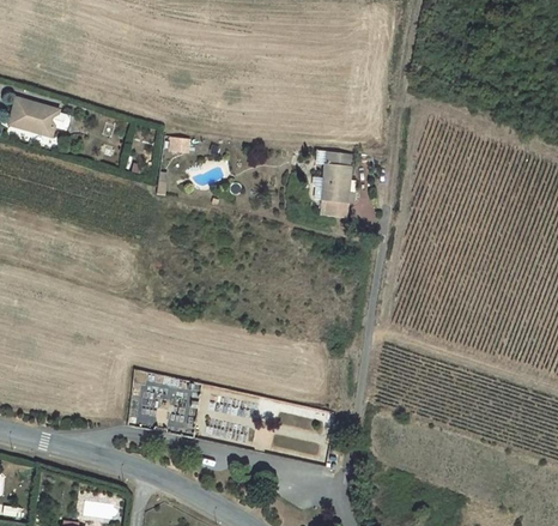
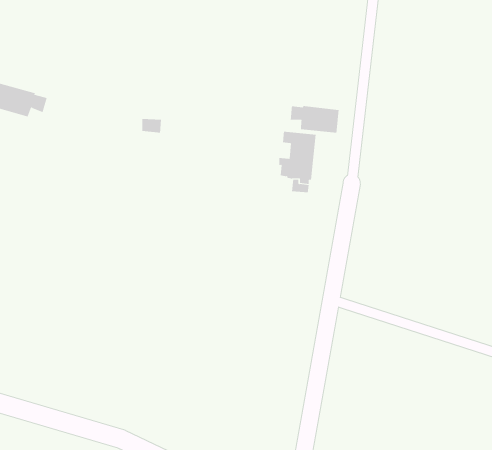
building: none -> [290,105,339,134]

